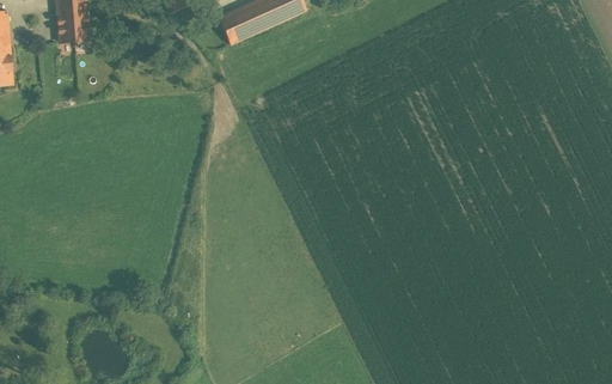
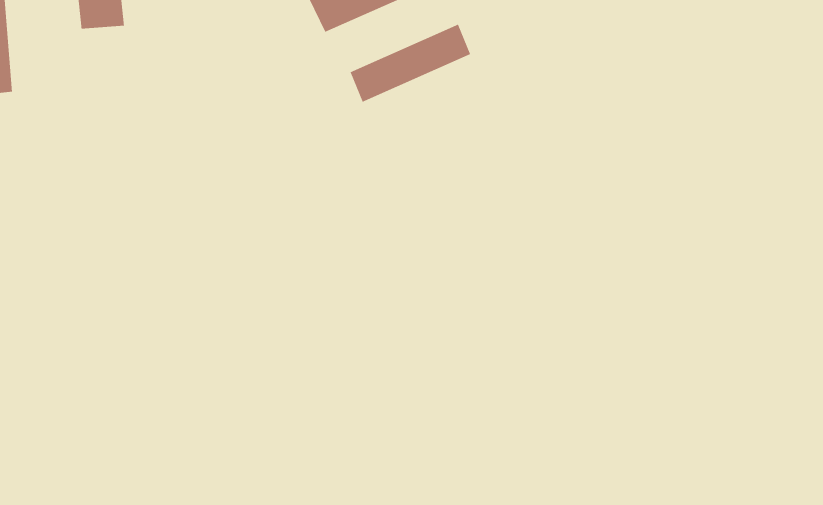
building: none -> [350,23,471,103]

